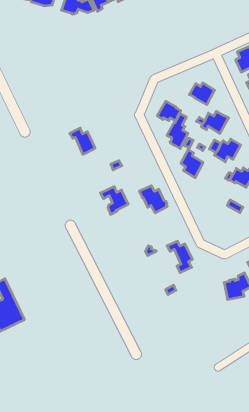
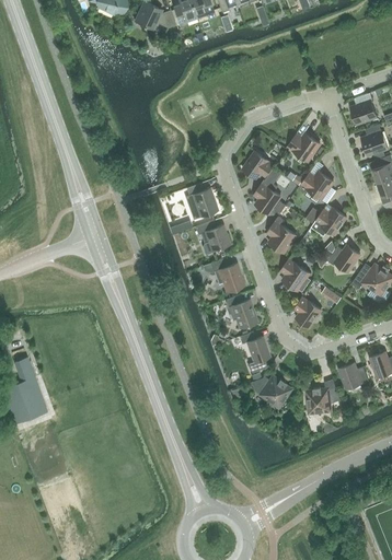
building: [70,128,95,154] -> [186,183,217,217]
building: none -> [280,258,311,291]
building: [100,187,128,214] -> [195,220,229,255]
building: none -> [293,296,321,327]
building: none -> [226,294,256,327]
building: none -> [251,376,290,407]

